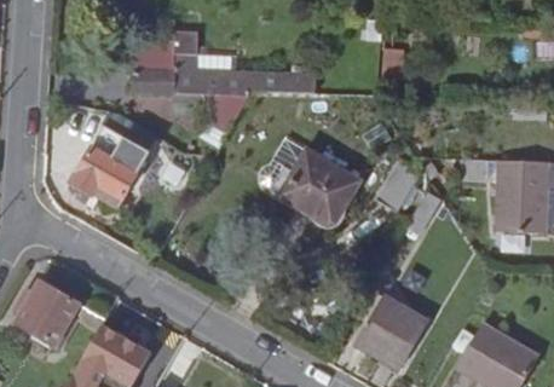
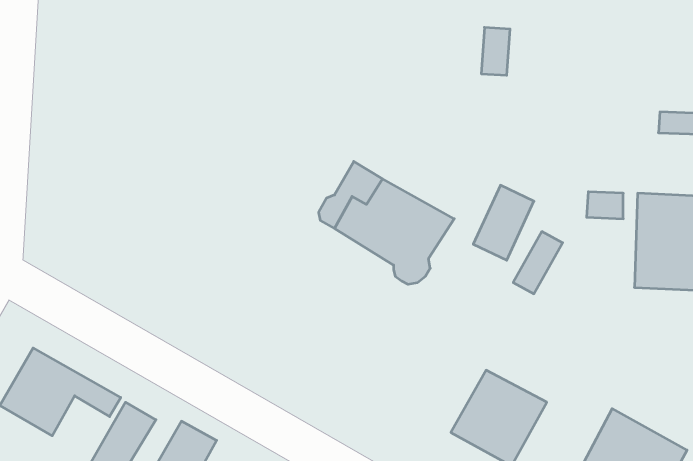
building: [132,31,316,143] -> none
building: [71,127,150,198] -> none

